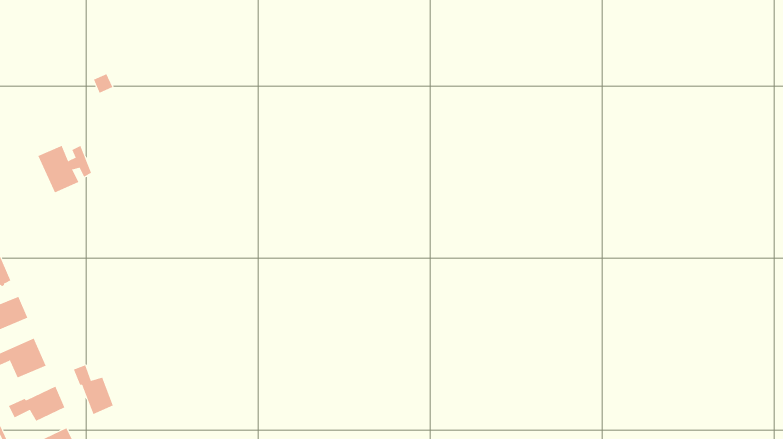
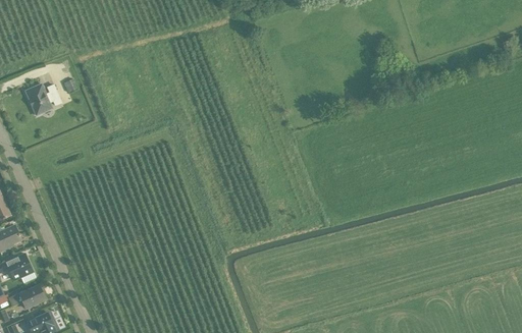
building: [38,145,92,193] -> [24,85,60,116]
building: [73,365,114,415] -> none

